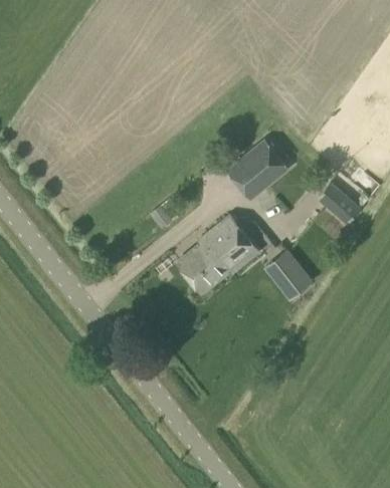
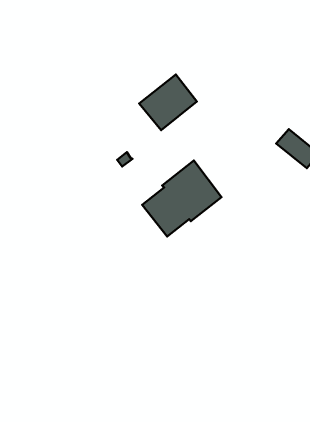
building: [226,140,286,198] -> [139,75,197,130]
building: [278,261,312,294] -> none

